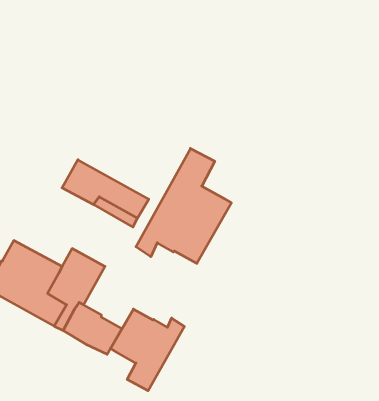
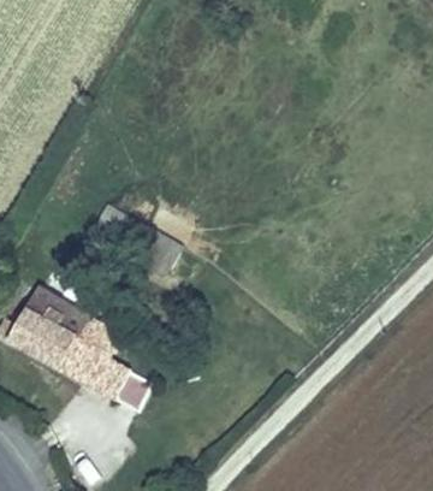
building: [136,148,231,263] -> none
building: [110,309,184,391] -> none

